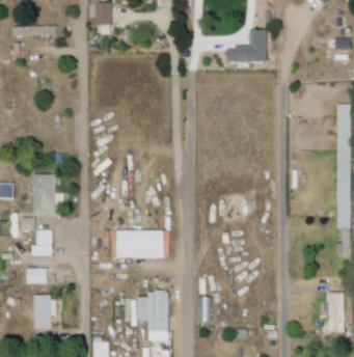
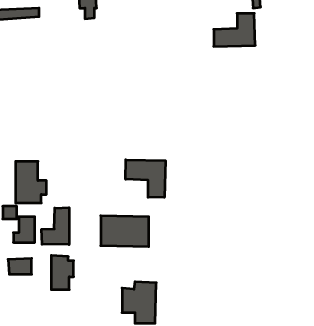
building: none -> [126,160,165,197]
building: none -> [42,208,69,245]
building: [33,296,55,329] -> [51,255,74,290]

